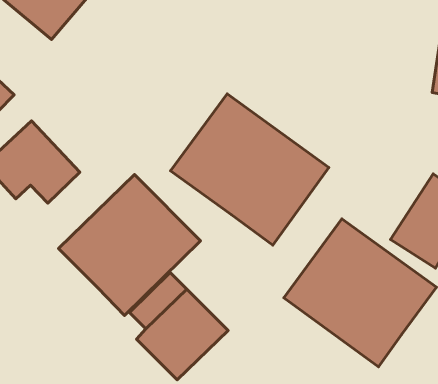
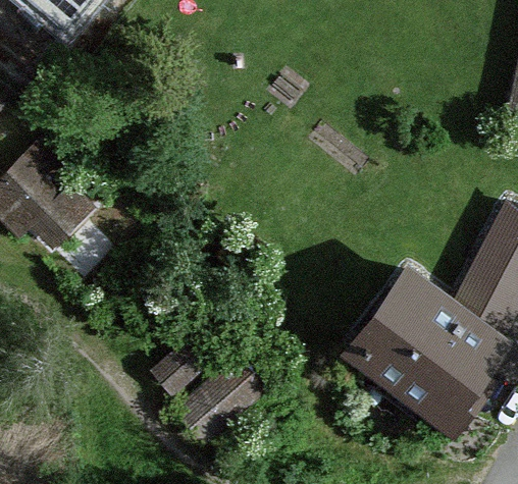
building: [170,94,329,245] -> none
building: [58,174,200,316] -> none

